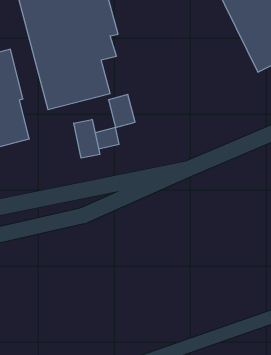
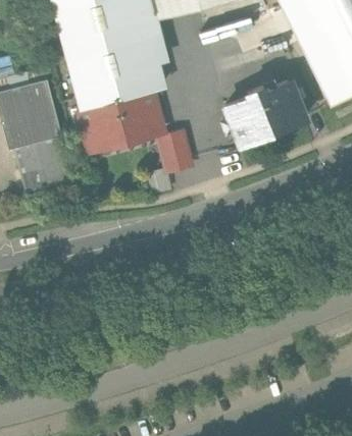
building: none -> [222,81,305,144]
building: [74,119,100,158] -> none

